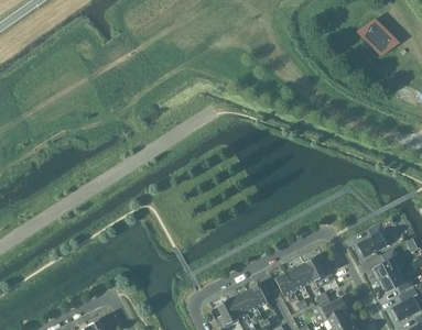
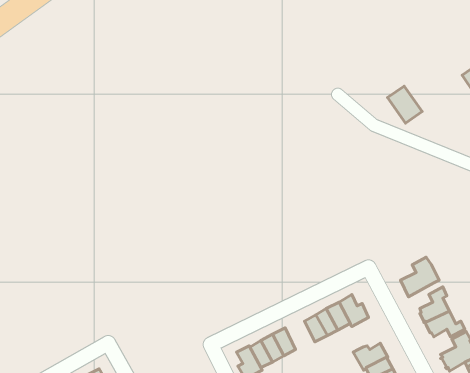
building: [363,21,392,53] -> [388,86,422,123]

